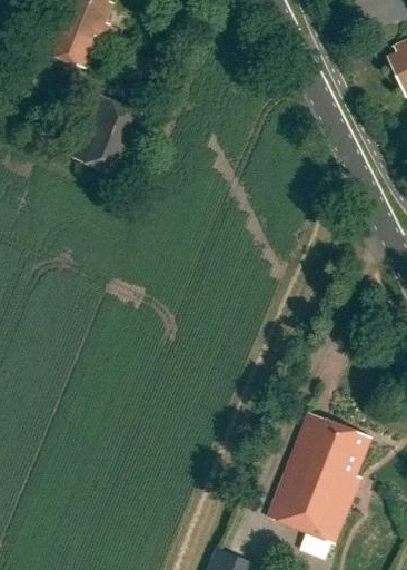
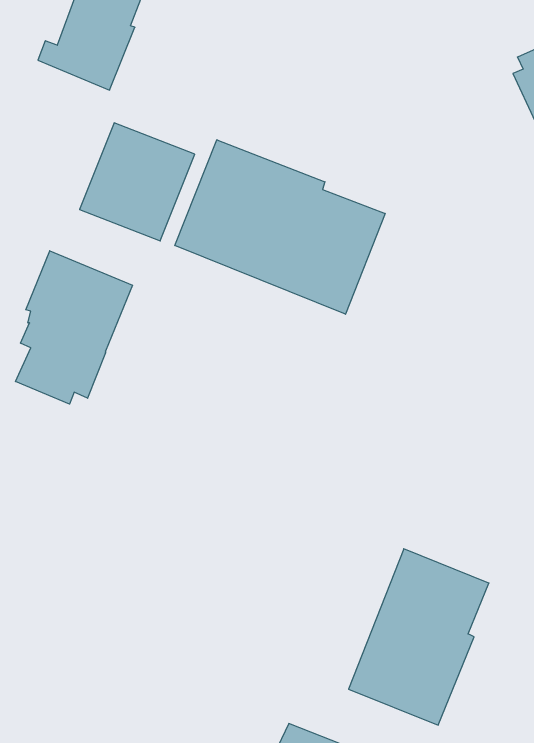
building: none -> [175,140,385,314]
building: none -> [16,251,132,404]

